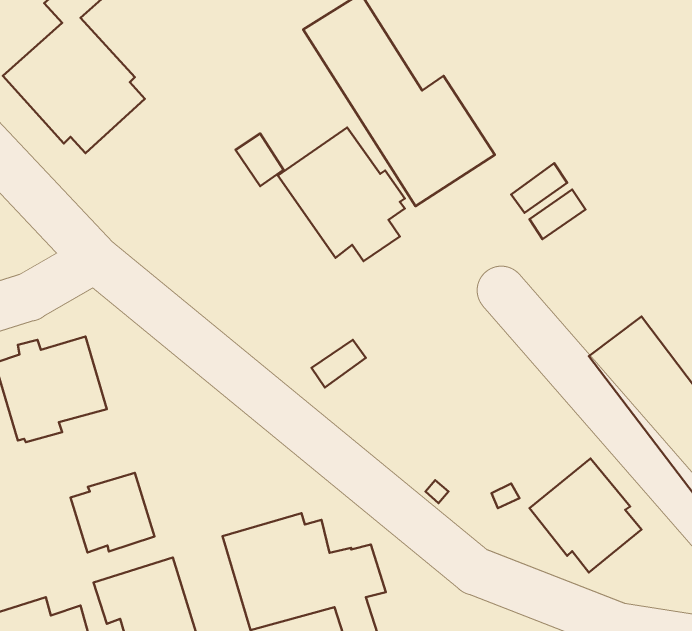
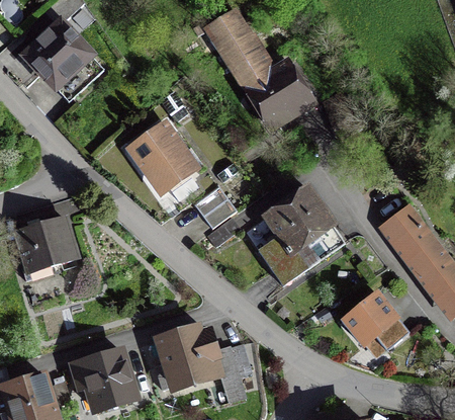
building: [278,128,405,261] -> [124,118,202,200]
building: none -> [257,182,346,285]
building: none -> [194,185,237,228]
building: [70,473,155,553] -> none

